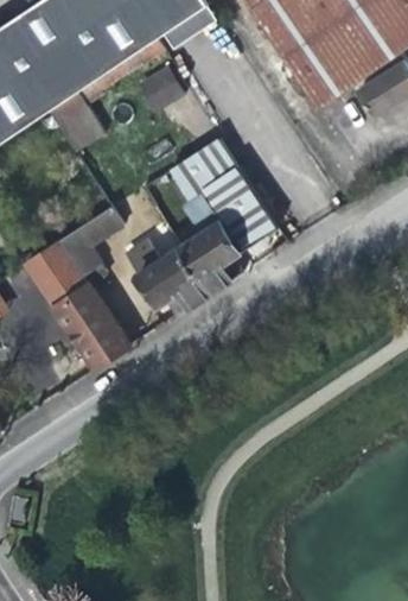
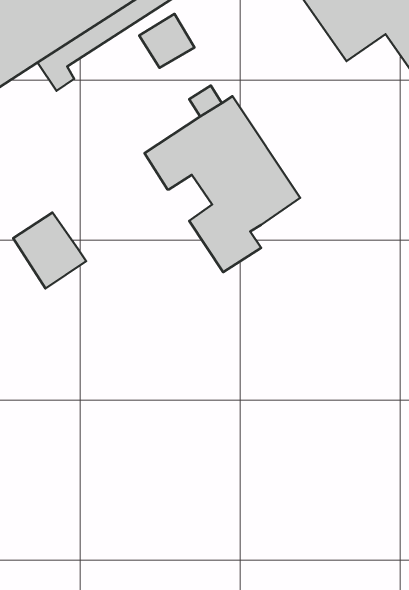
building: [60,209,117,271] -> none
building: [126,241,210,316] -> none
building: [55,281,129,366] -> none

